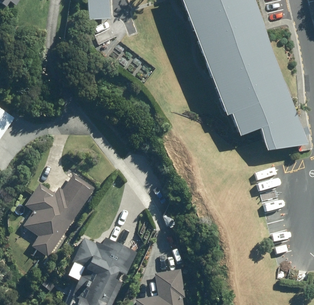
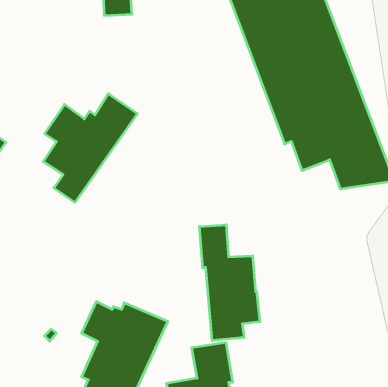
building: [24,173,95,255] -> [43,94,137,202]
building: none -> [199,225,260,341]

